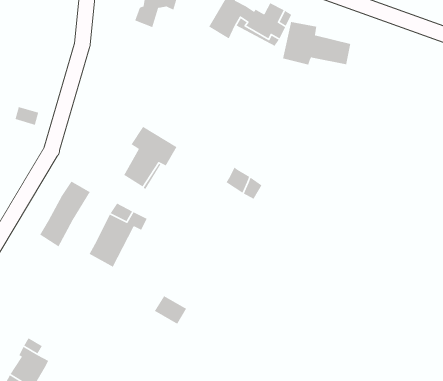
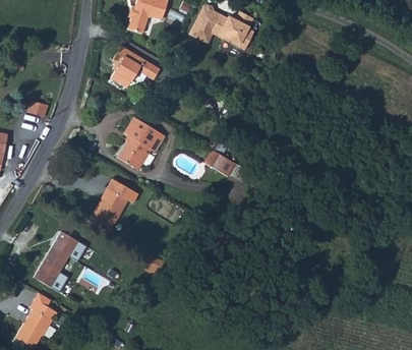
building: [282,21,351,66] -> none
building: none -> [111,49,160,91]
building: [39,181,91,247] -> [34,230,76,285]

